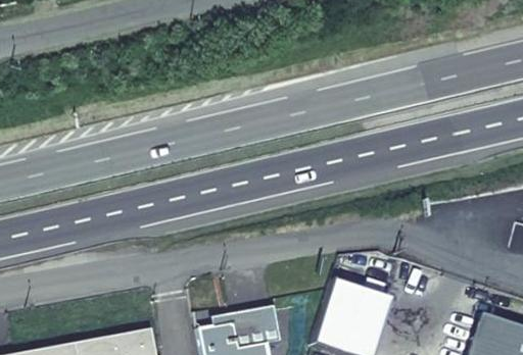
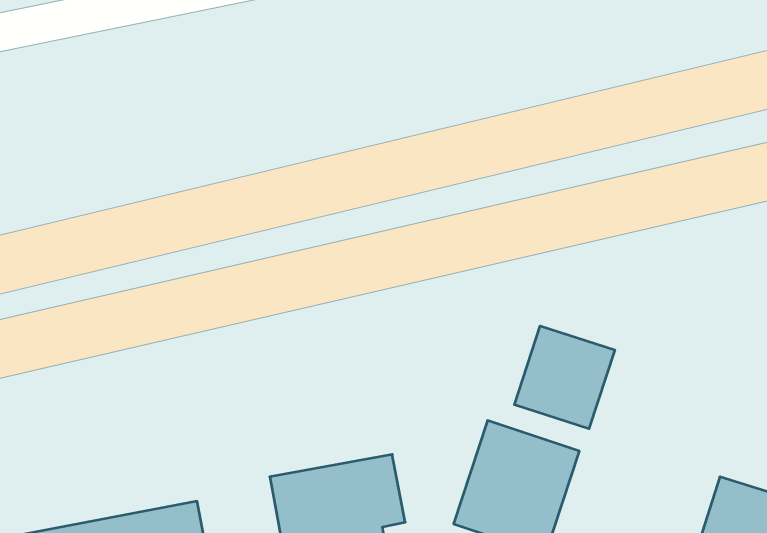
building: none -> [514,326,615,429]

